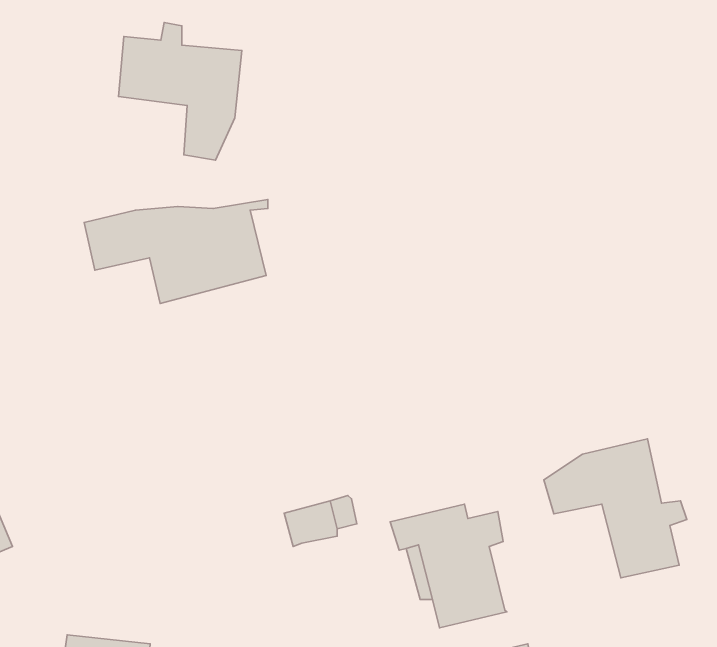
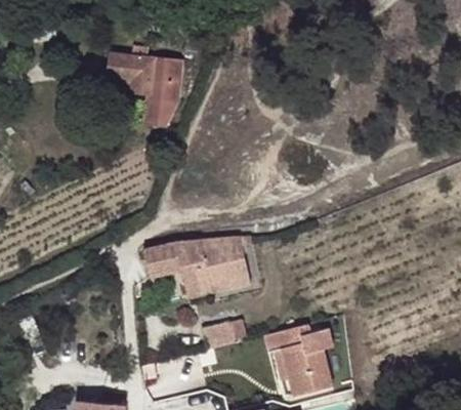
building: [84,200,268,304] -> [143,236,250,296]
building: [544,439,687,578] -> none

